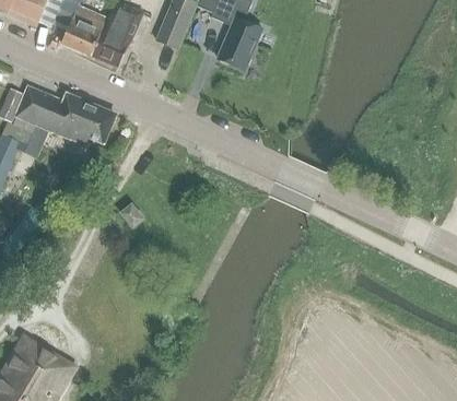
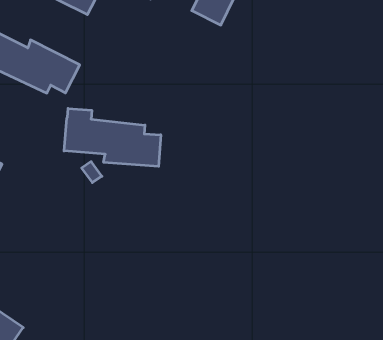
building: none -> [64,108,161,166]

